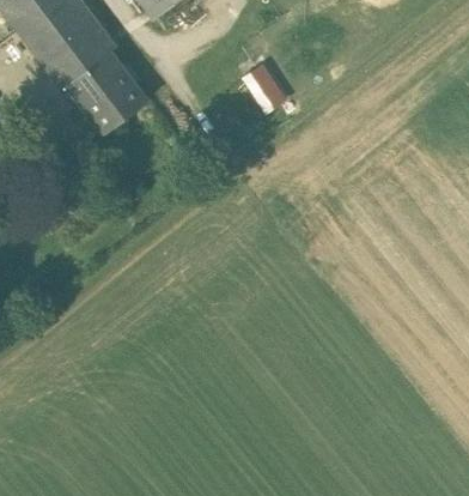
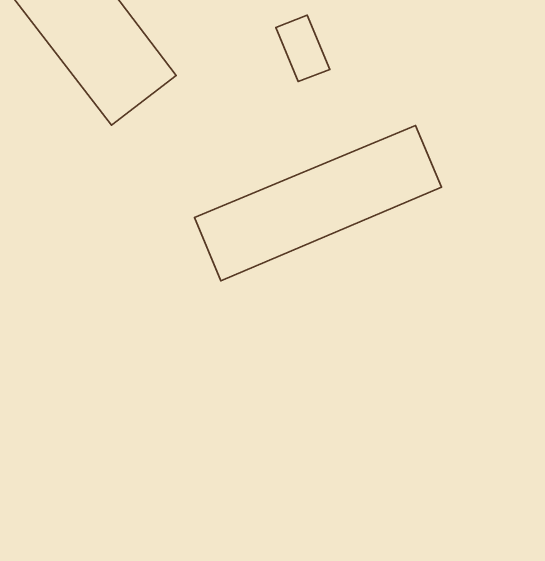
building: none -> [195,125,441,281]

